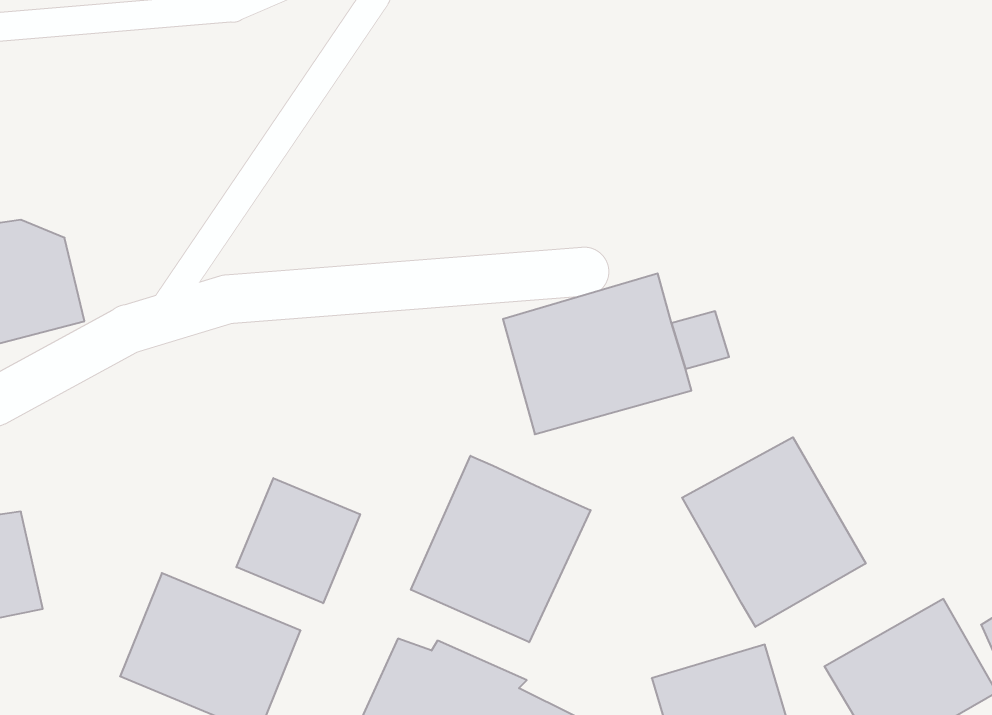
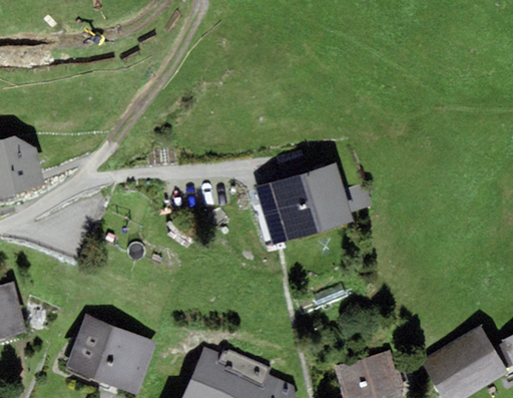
building: [682,437,866,627] -> none
building: [411,456,591,642] -> none
building: [236,478,360,603] -> none

